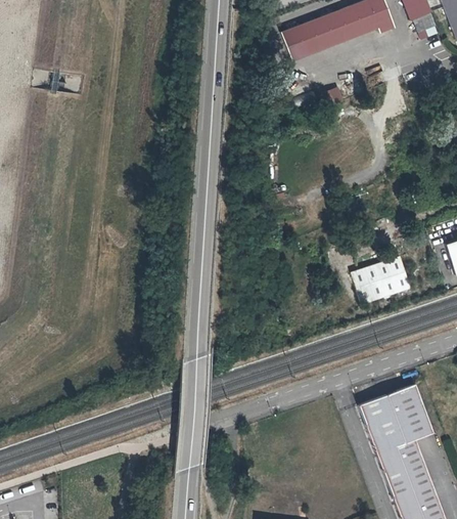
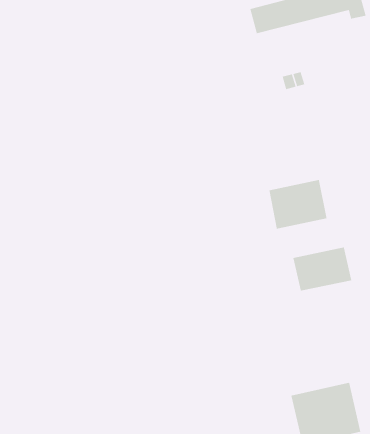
building: none -> [269,179,327,229]

